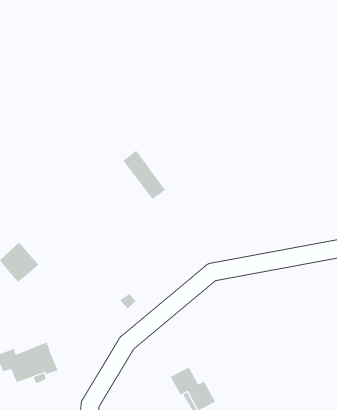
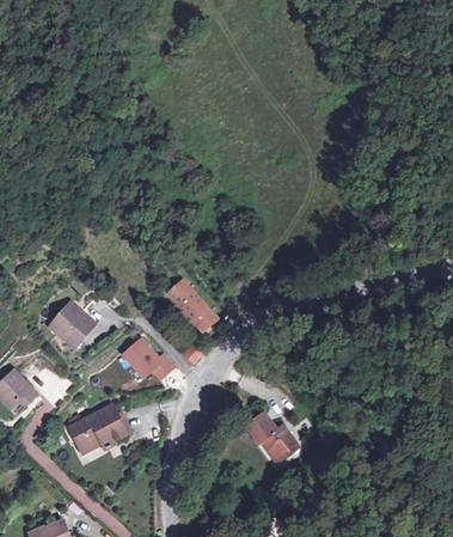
building: [122,150,166,200] -> [167,280,216,330]
building: none -> [121,335,177,380]

